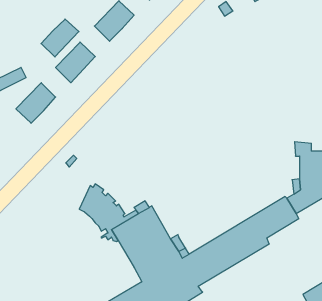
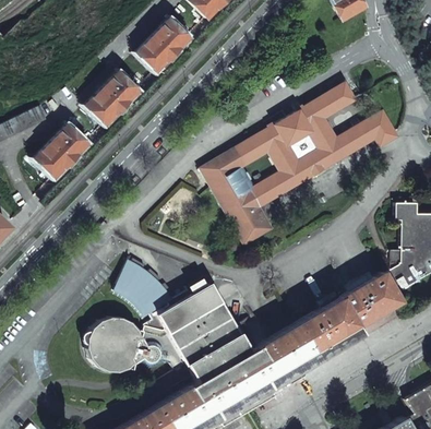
building: [41,19,79,57] -> none
building: none -> [202,83,398,243]
building: none -> [86,315,188,372]

